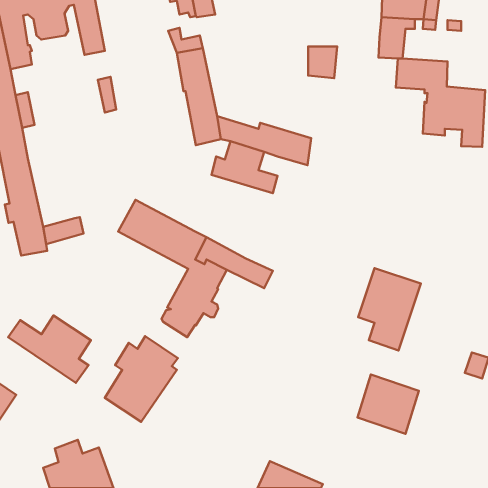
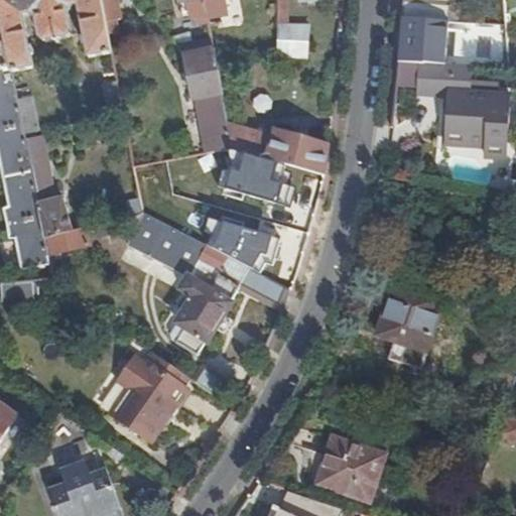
building: [308,47,337,78] -> [276,24,306,57]
building: none -> [29,162,79,238]
building: none -> [205,220,276,271]
building: [8,316,91,383] -> none
building: [357,374,419,434] -> [318,437,383,500]

